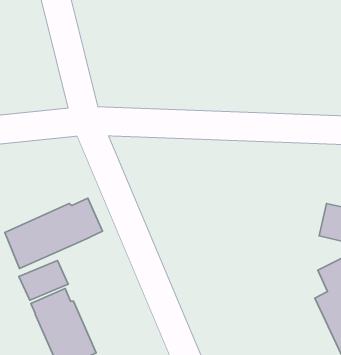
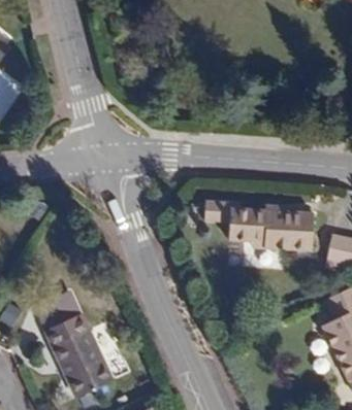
building: none -> [203,201,313,249]
building: [5,198,103,269] -> none

